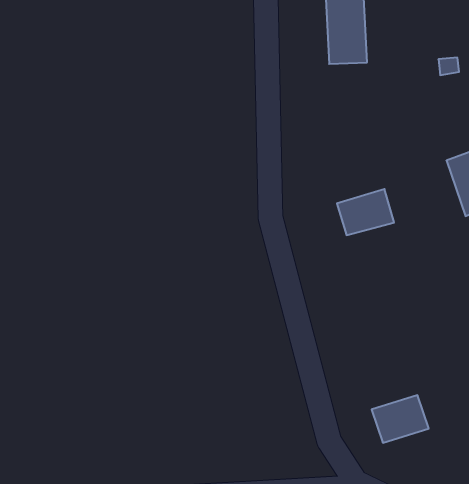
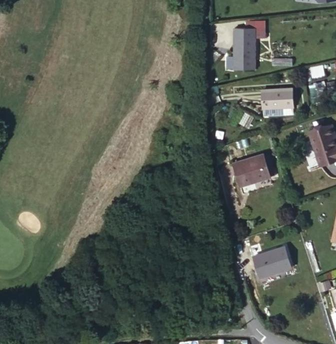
building: none -> [259,91,291,114]
building: [372,395,429,443] -> [254,244,290,274]

